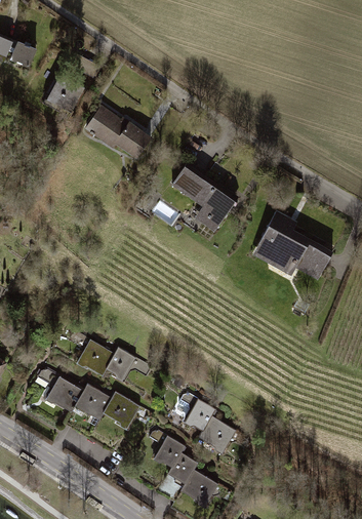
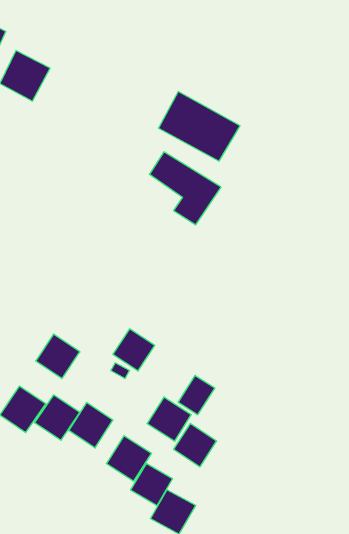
building: [78,99,154,164] -> [158,92,240,161]
building: [248,214,333,284] -> none
building: [99,345,138,384] -> [113,329,155,371]
building: none -> [178,375,215,415]

